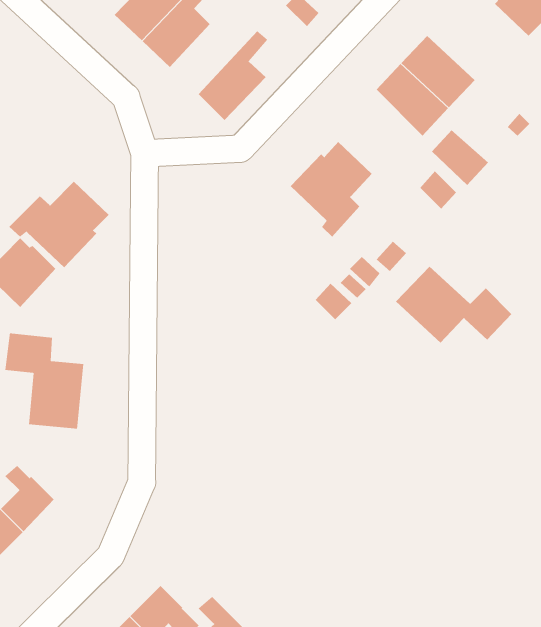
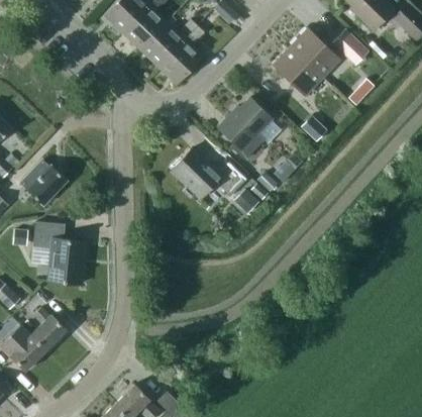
building: none -> [140,18,197,67]
building: [431,130,489,186] -> [332,29,370,66]
building: [8,181,110,268] -> none
building: [395,266,512,344] -> [171,147,246,198]

